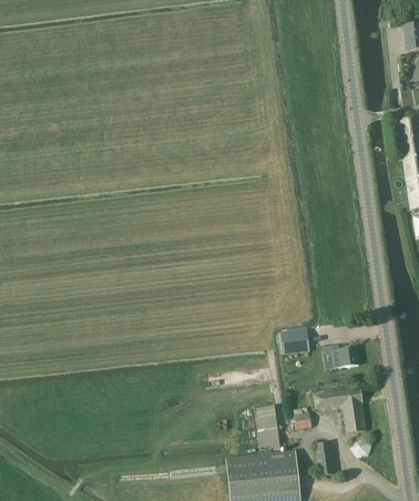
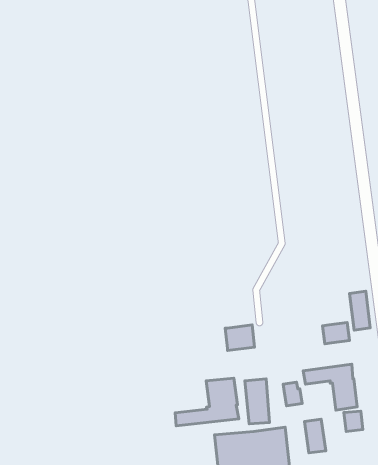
building: none -> [350,291,370,330]
building: [282,328,310,354] -> [225,325,255,351]
building: none -> [175,378,239,426]

